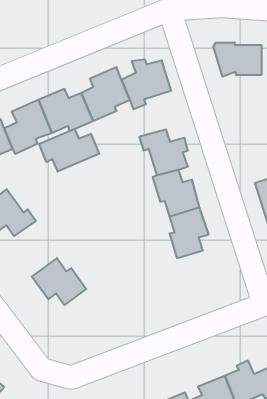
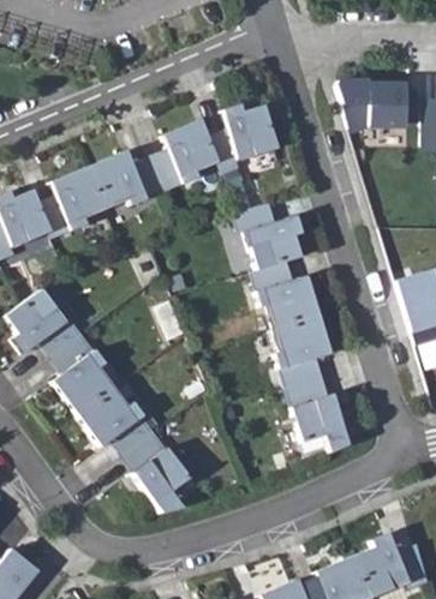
building: [39,129,99,172] -> none
building: none -> [54,335,115,414]
building: none -> [287,377,350,454]
building: none -> [126,432,191,514]

